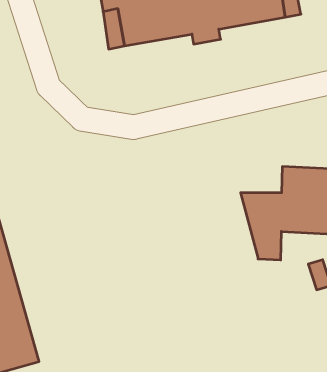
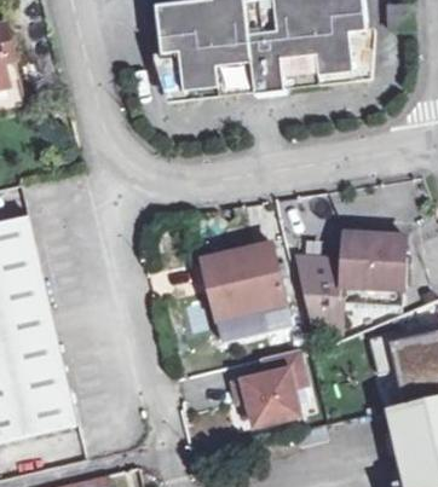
building: none -> [201,239,290,340]
building: none -> [232,346,305,423]

